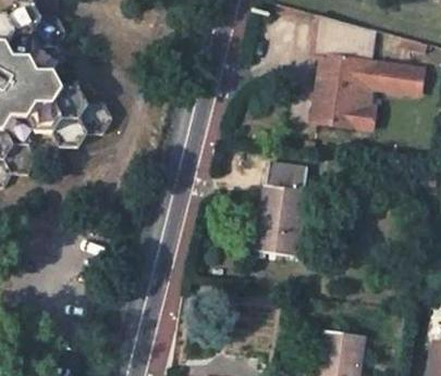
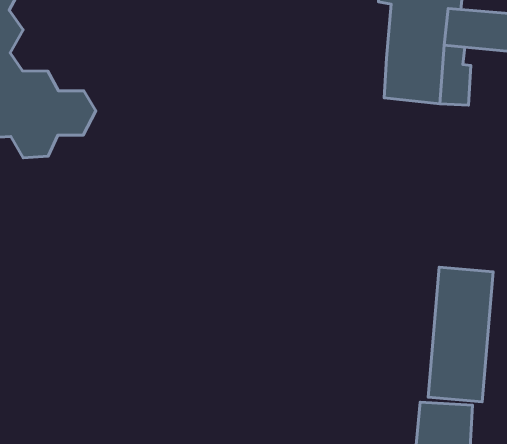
building: [255,160,305,254] -> [428,267,493,402]

